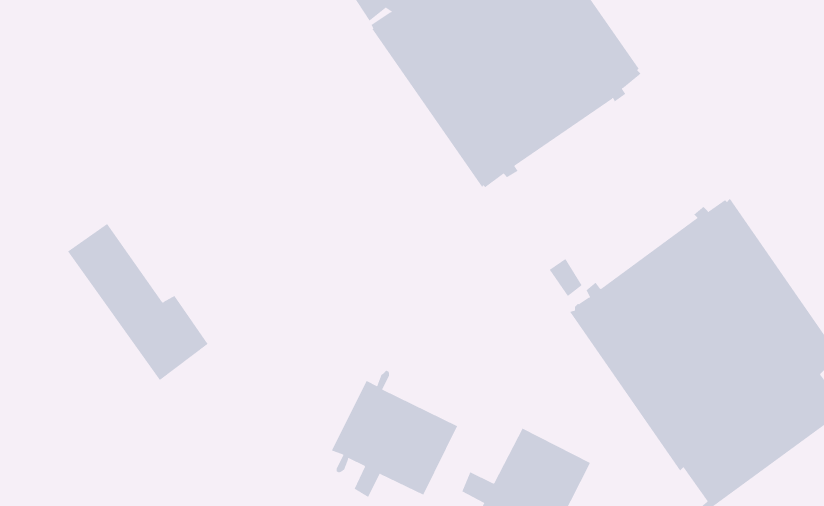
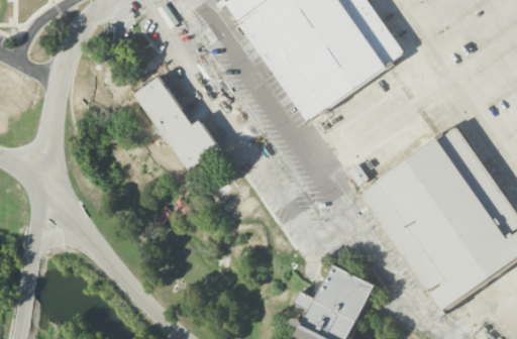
building: [67,223,208,381] -> [134,77,219,172]
building: [331,370,458,498] -> none

